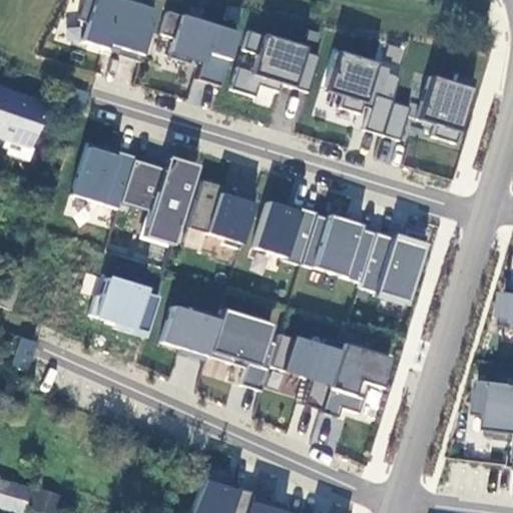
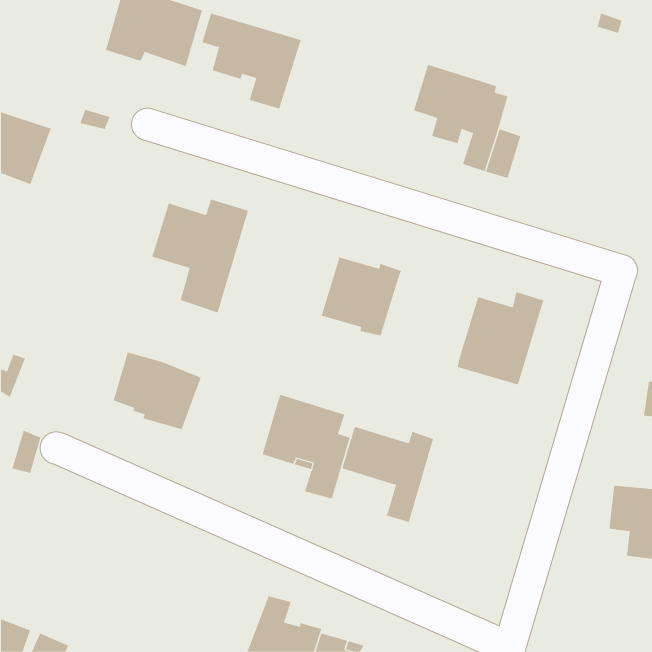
building: [230,29,320,95] -> none
building: [418,72,476,142] -> none
building: [73,143,134,206] -> none
building: [188,179,256,247] -> none
building: [301,213,376,282] -> none
building: [161,305,219,360] -> none
building: [322,343,391,416] -> none

